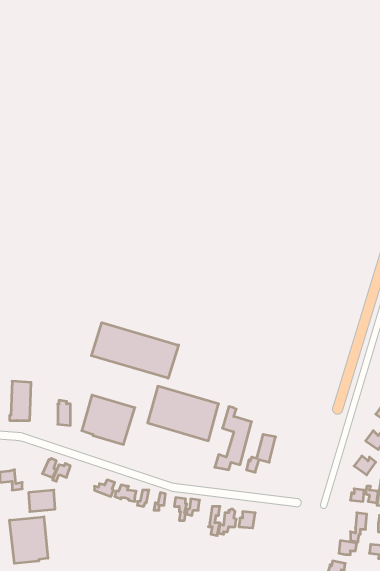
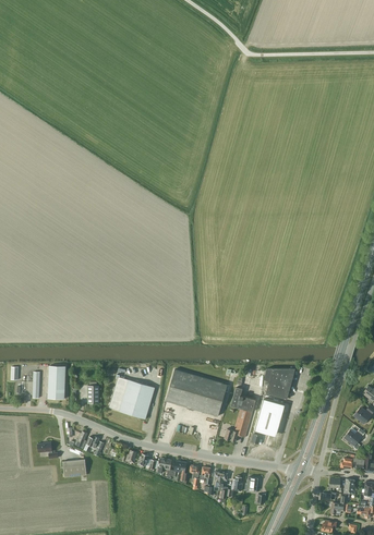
building: [91,323,179,378] -> none
building: none -> [264,368,295,399]
building: [10,517,48,563] -> none

